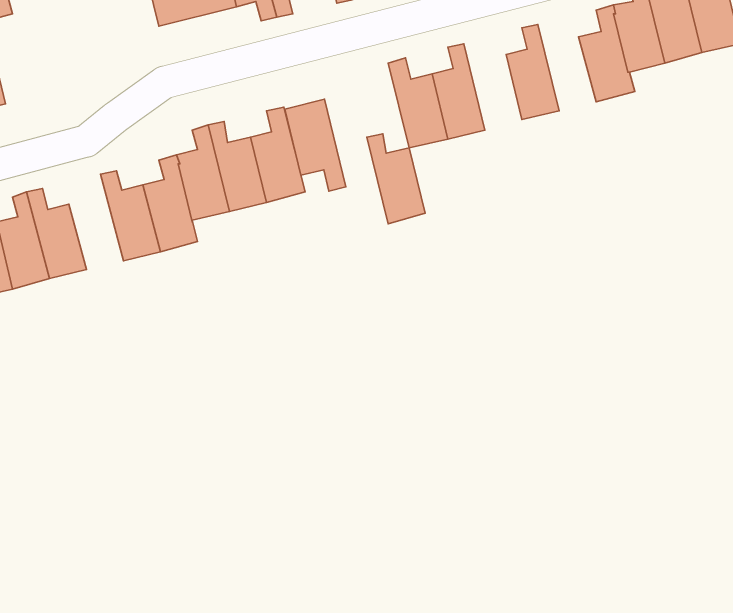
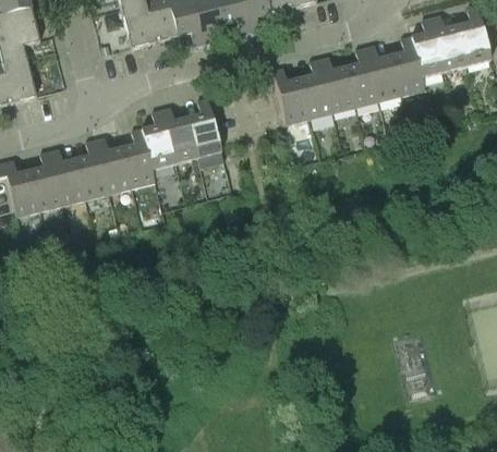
building: none -> [364,45,400,100]
building: [285,99,346,191] -> none
building: [367,134,425,224] -> [318,57,354,112]
building: none -> [74,139,108,198]

